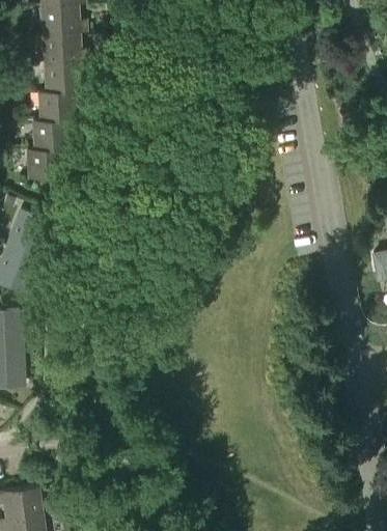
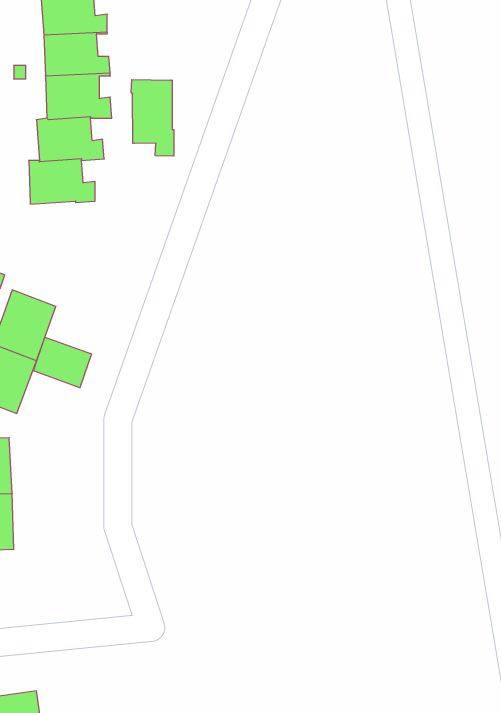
building: none -> [131,80,174,156]
building: [26,147,72,178] -> none
building: none -> [33,337,91,388]

